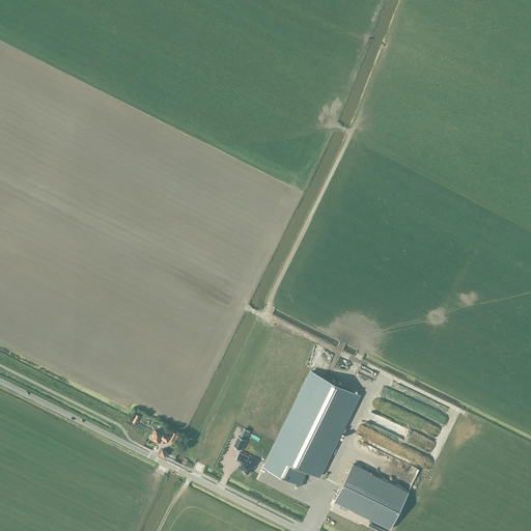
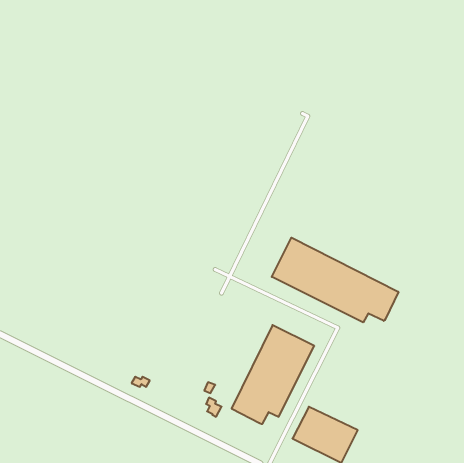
building: none -> [272,238,398,322]

